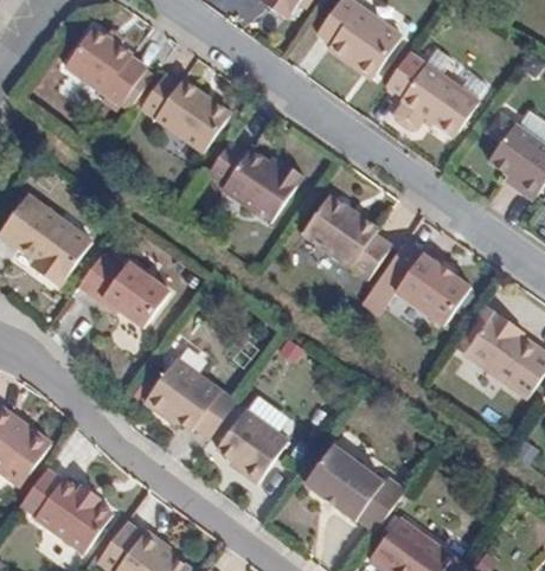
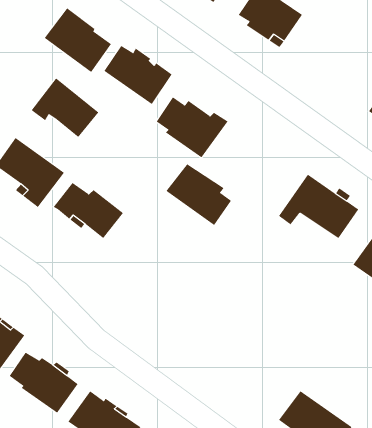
building: [386,47,482,134] -> none
building: none -> [31,78,99,138]
building: [304,195,390,276] -> [166,163,232,226]
building: [139,354,235,437] -> none
building: [213,409,286,483] -> none
building: [301,442,404,530] -> none

